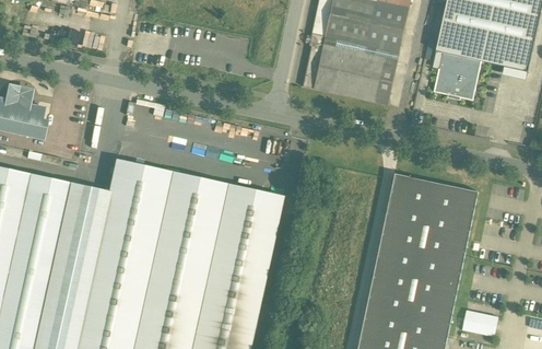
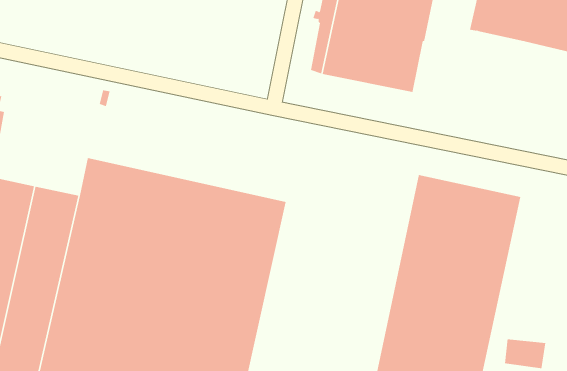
building: [435,53,482,101] -> none

